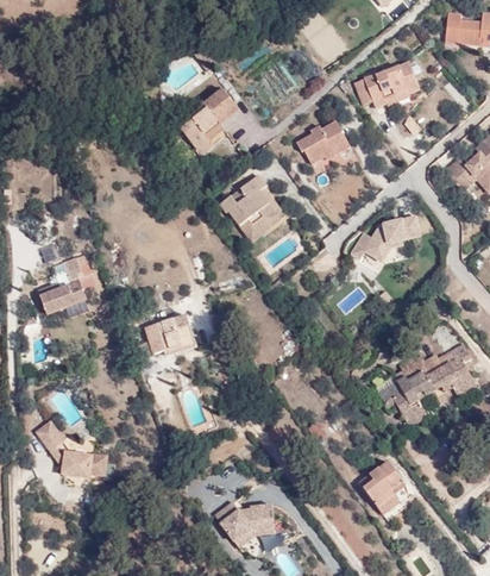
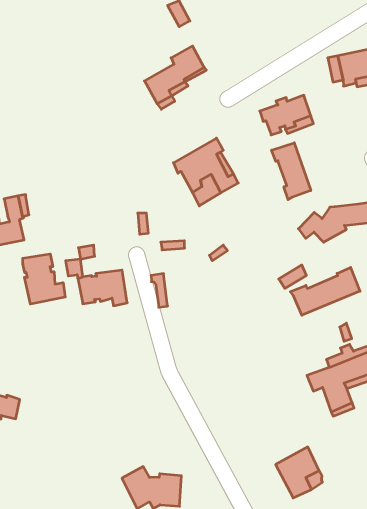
building: none -> [272,143,311,200]
building: none -> [290,267,360,315]
building: none -> [23,254,65,304]

